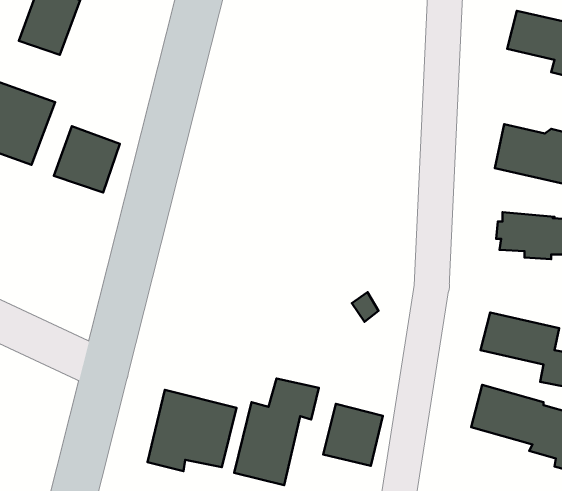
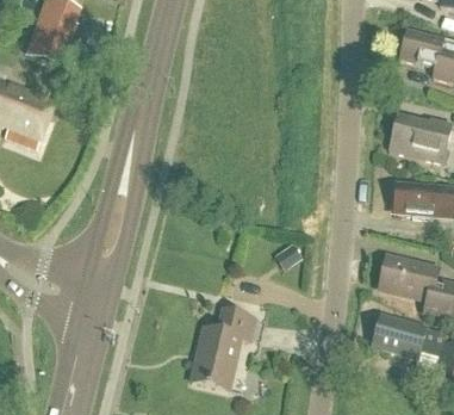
building: [54,126,120,193] -> none
building: [147,390,237,471] -> none
building: [323,404,383,466] -> none

